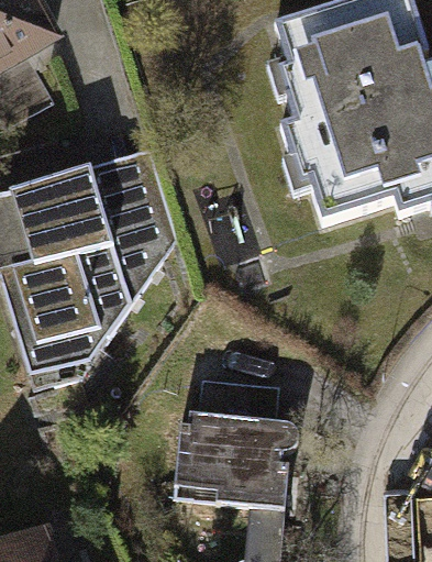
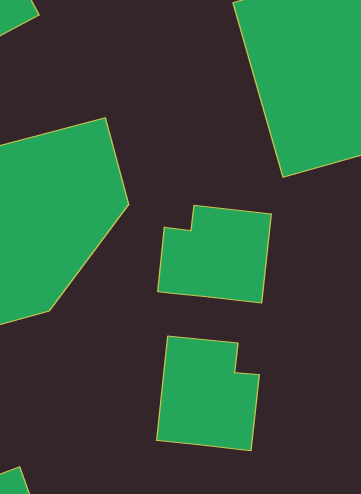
building: none -> [158,205,271,303]

